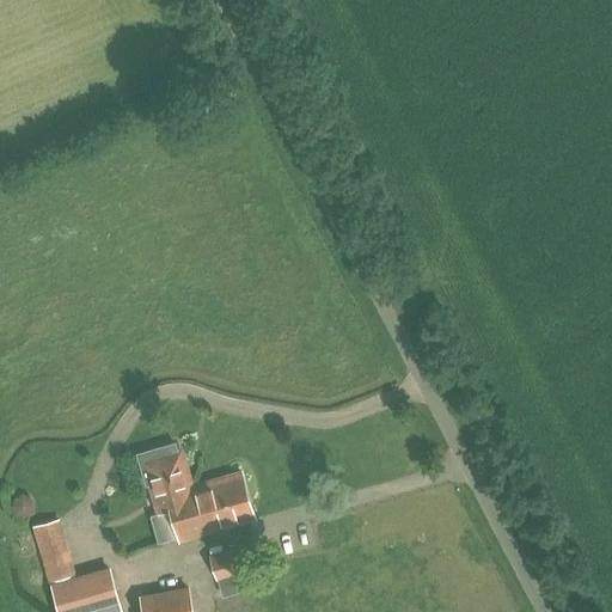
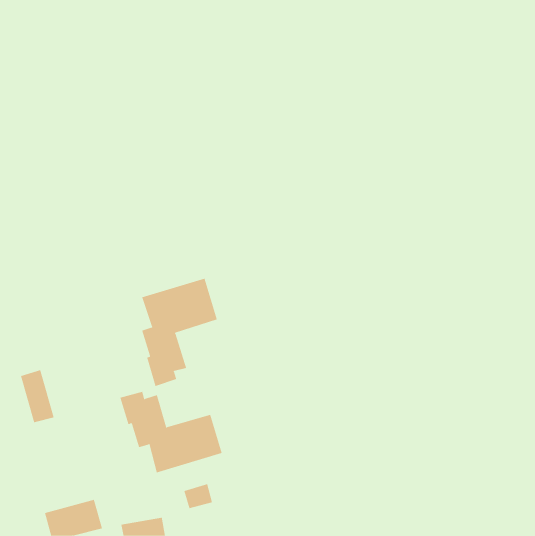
building: none -> [141,278,218,387]
building: [33,519,73,580] -> [20,369,55,423]

